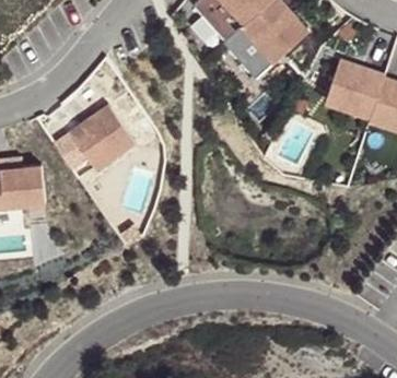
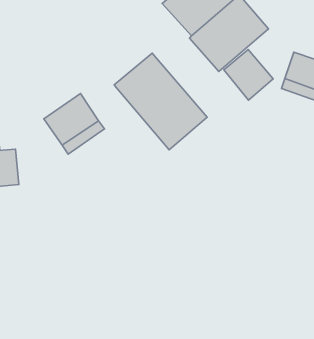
building: none -> [224,50,273,100]
building: none -> [114,53,207,150]

